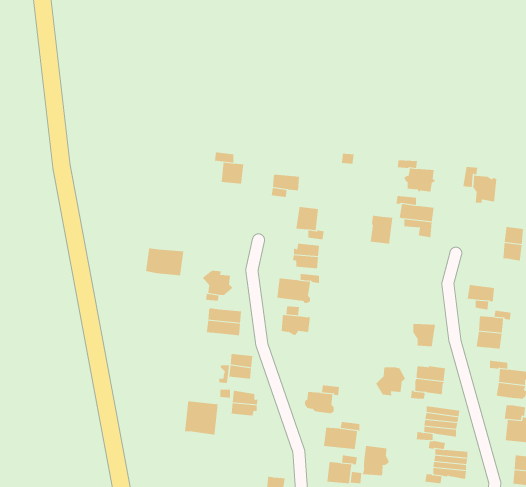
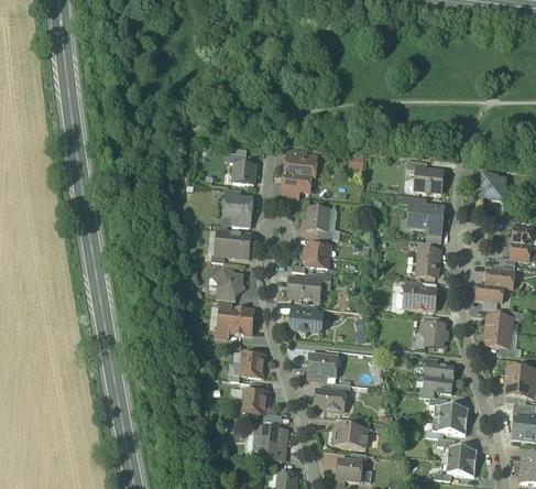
building: none -> [285,149,316,177]
building: none -> [223,195,252,219]
building: [370,215,393,244] -> [417,247,440,275]
building: [145,248,184,276] -> [214,230,252,258]
building: none -> [485,269,514,287]
building: none -> [403,285,436,308]
building: none -> [308,354,336,376]
building: [375,366,406,396] -> none
building: [184,401,219,435] -> [253,426,287,460]
building: [362,445,389,476] -> none

